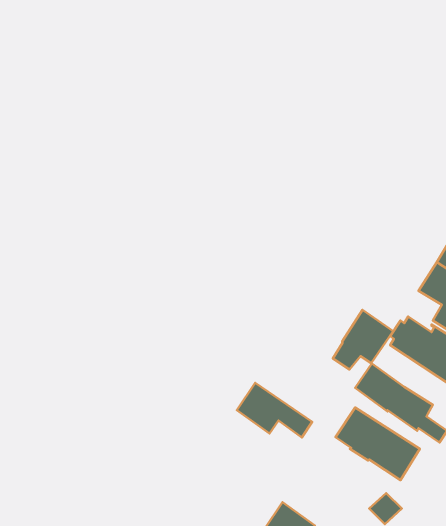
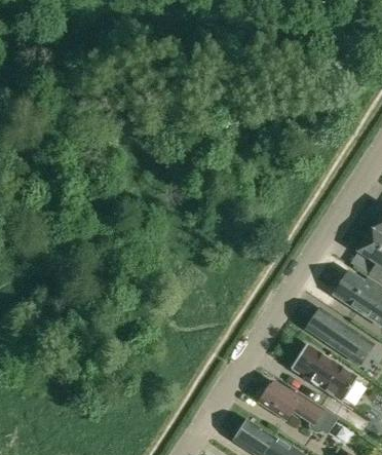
building: [333,310,393,369] -> none
building: [237,383,312,437] -> [261,381,320,424]

